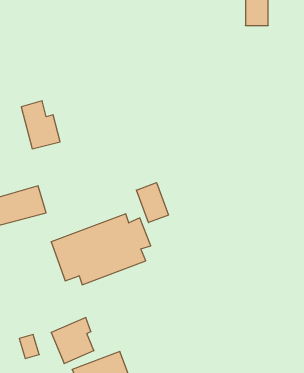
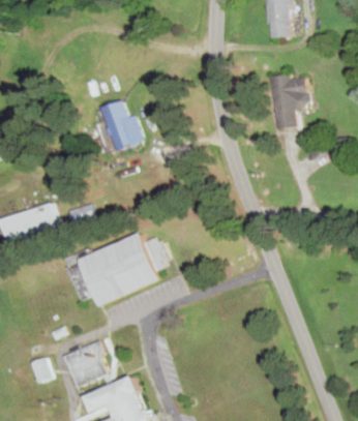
building: none -> [268,73,309,128]
building: [21,101,60,149] -> [102,99,143,149]
building: [136,183,168,223] -> none

